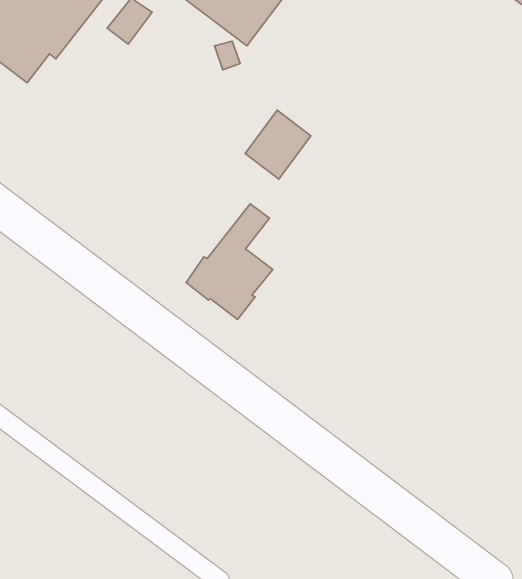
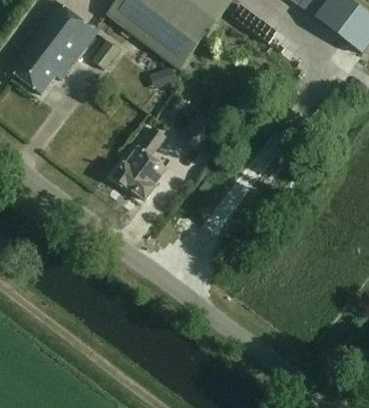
building: [186,204,273,319] -> [114,125,168,197]

